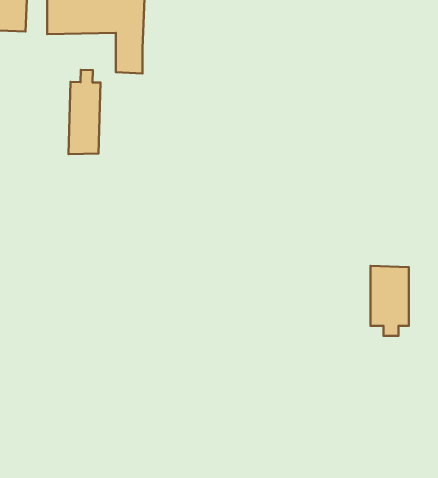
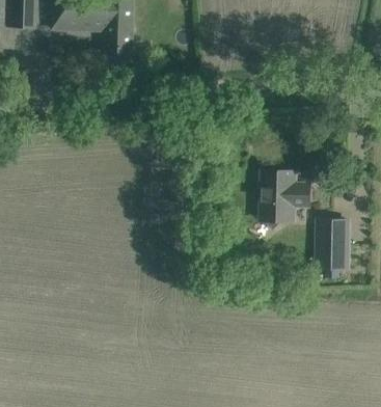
building: [69,70,101,154] -> none
building: none -> [261,171,310,229]

